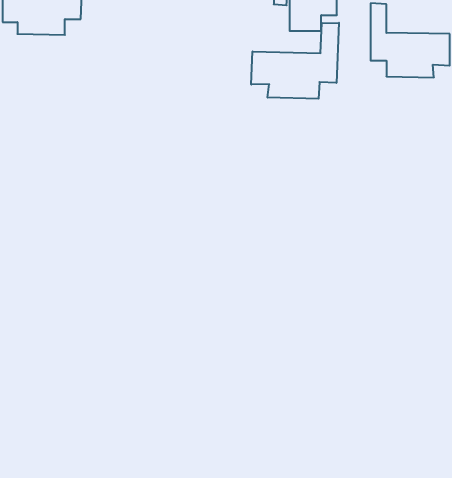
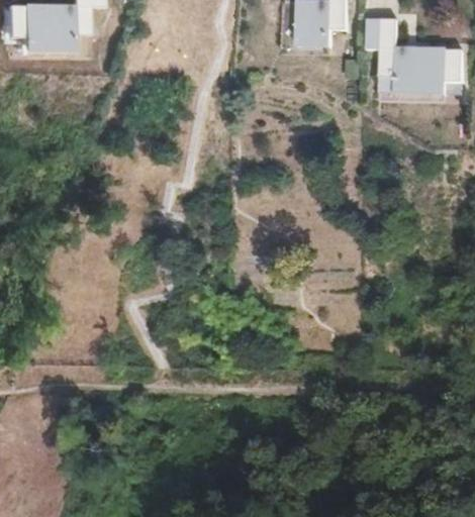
building: [251,23,339,99] -> none

